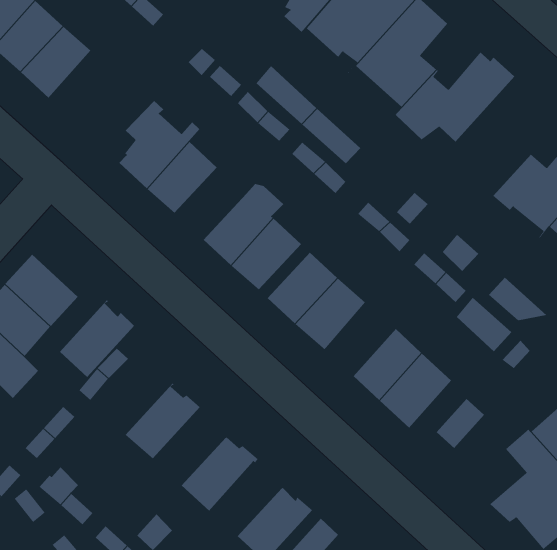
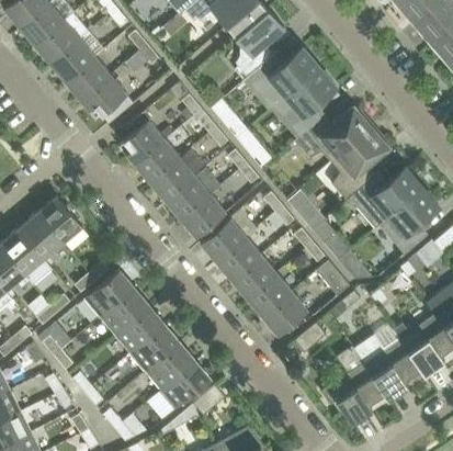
building: none -> [80,75,133,120]
building: none -> [330,126,387,201]
building: none -> [149,158,195,202]
building: [59,300,135,378] -> [84,270,134,317]
building: none -> [231,255,278,300]
building: none -> [115,306,166,353]
building: none -> [146,345,195,390]

